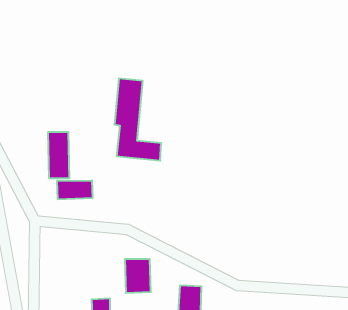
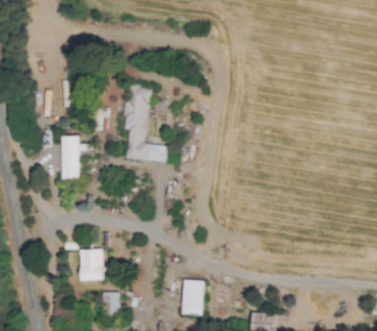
building: [57,180,92,199] -> none
building: [125,259,151,293] -> [79,249,104,280]

